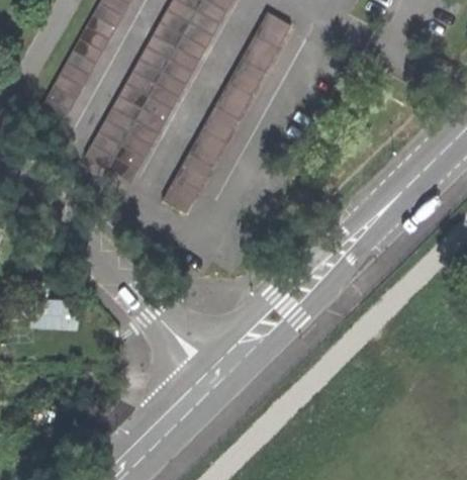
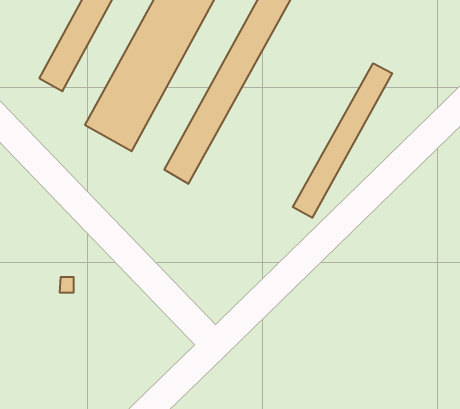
building: none -> [293,63,392,218]

